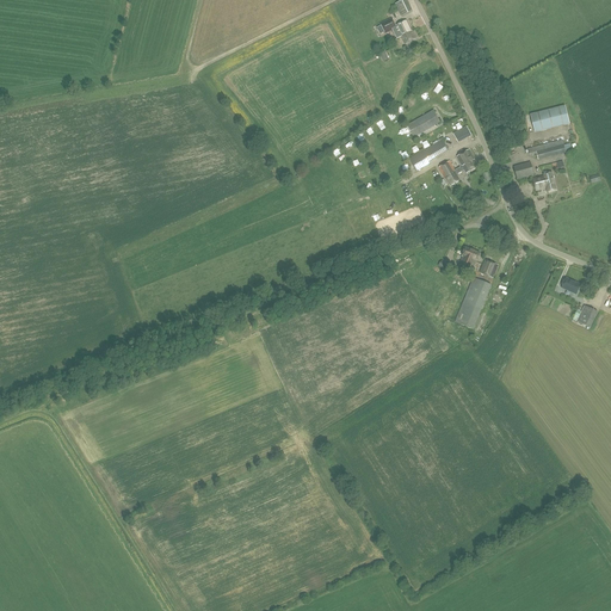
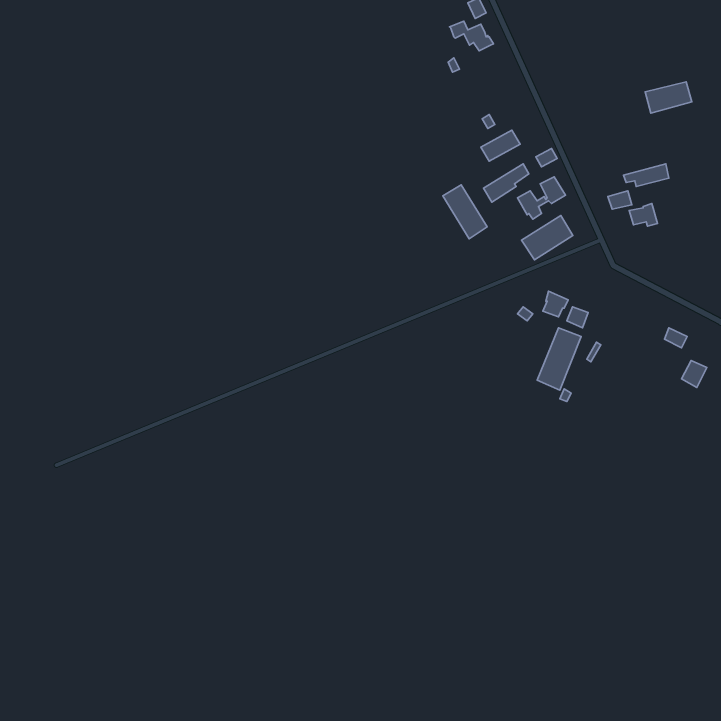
building: [529,105,568,131] -> [645,82,692,113]
building: none -> [443,185,487,239]
building: none -> [521,216,573,260]

